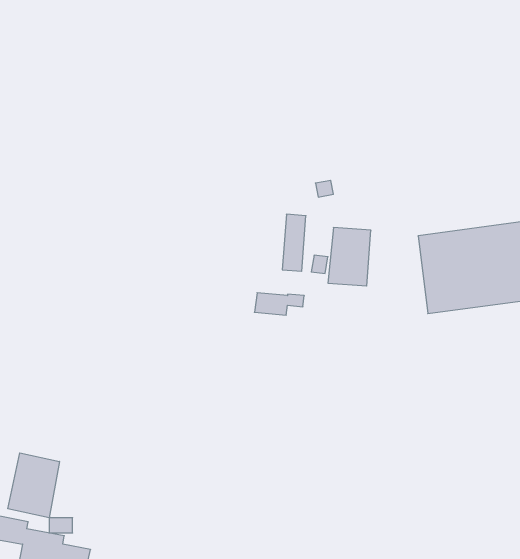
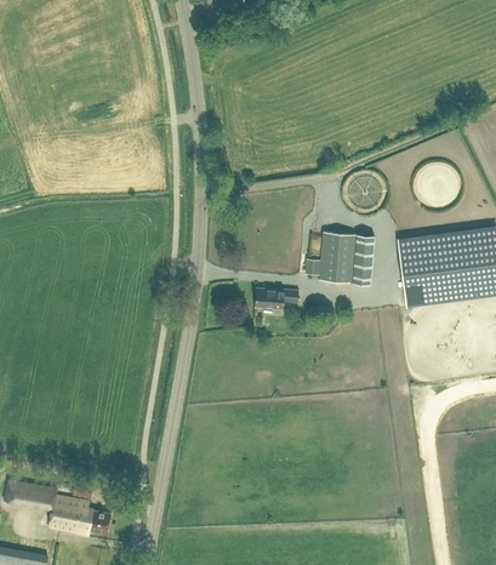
building: [282,214,306,271] -> [353,234,374,284]
building: [8,453,59,518] -> none

